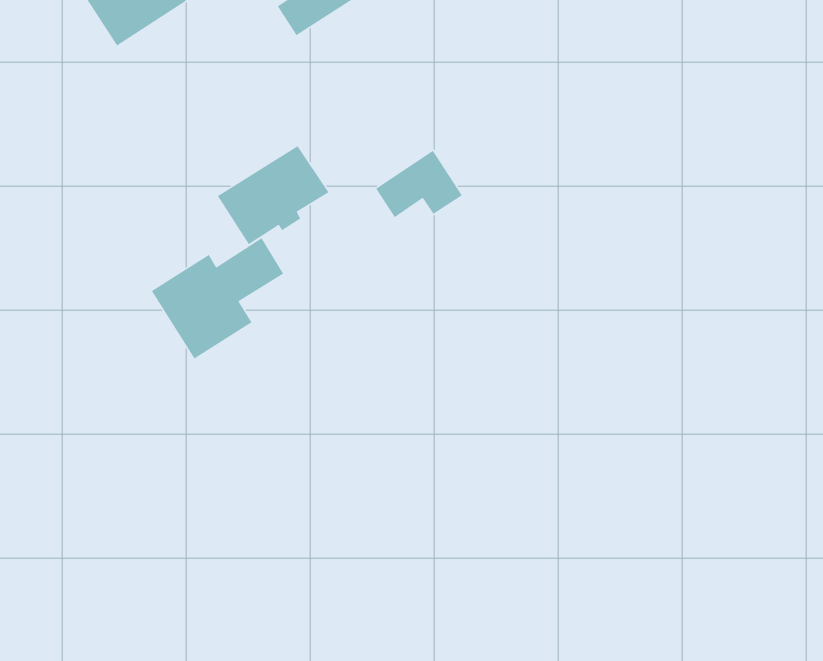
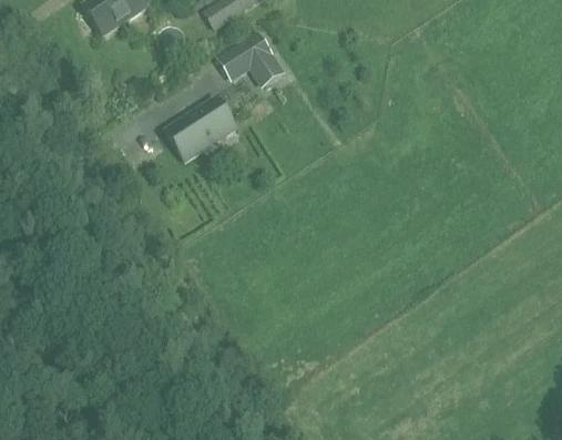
building: [375,150,463,218] -> [222,35,277,79]
building: [151,237,284,360] -> none

